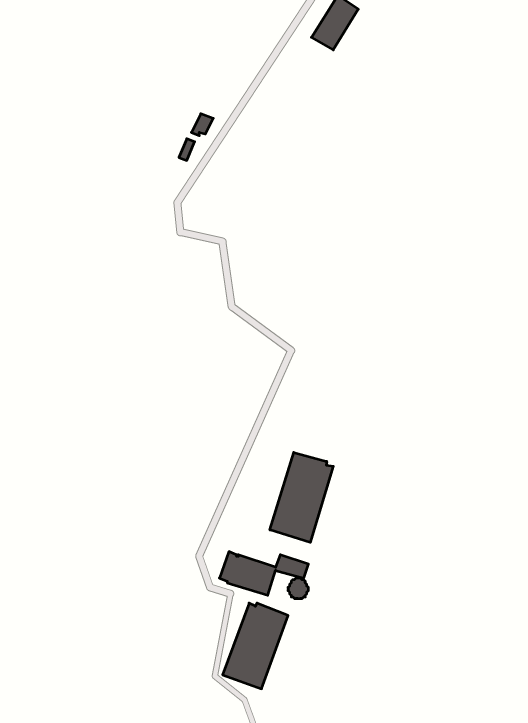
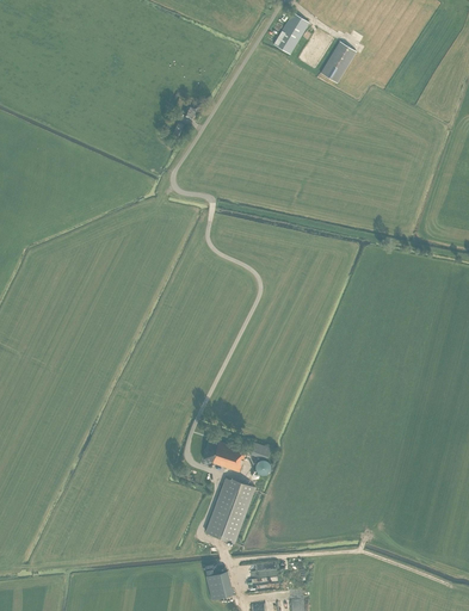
building: none -> [319,41,356,84]
building: [270,452,333,542] -> none

